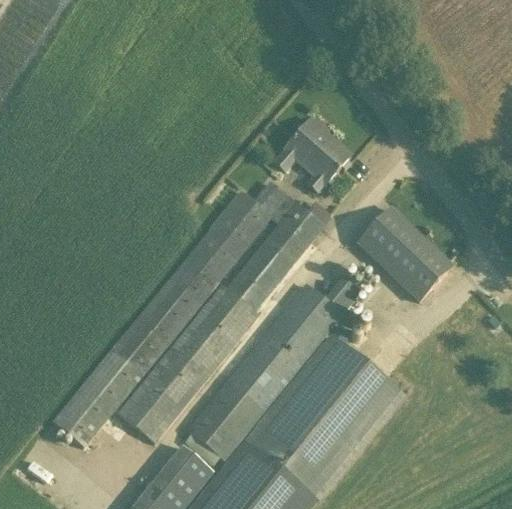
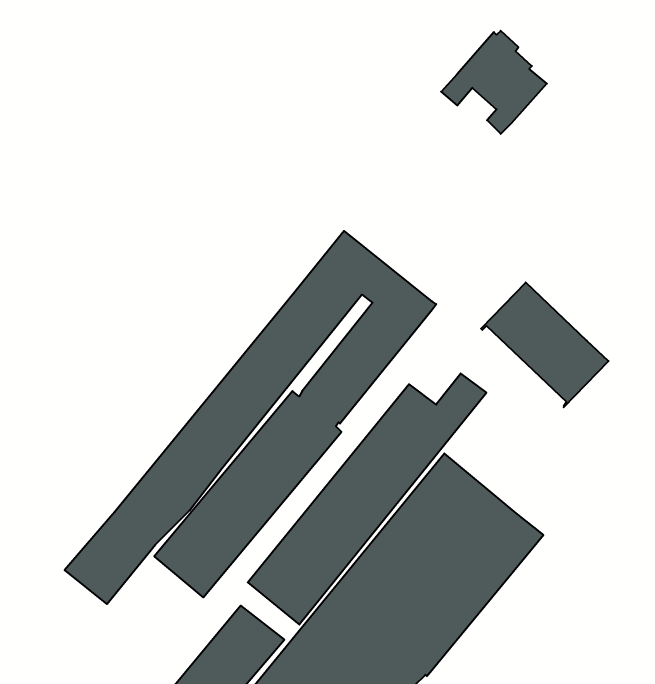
building: [273,117,351,193] -> [441,31,547,134]

